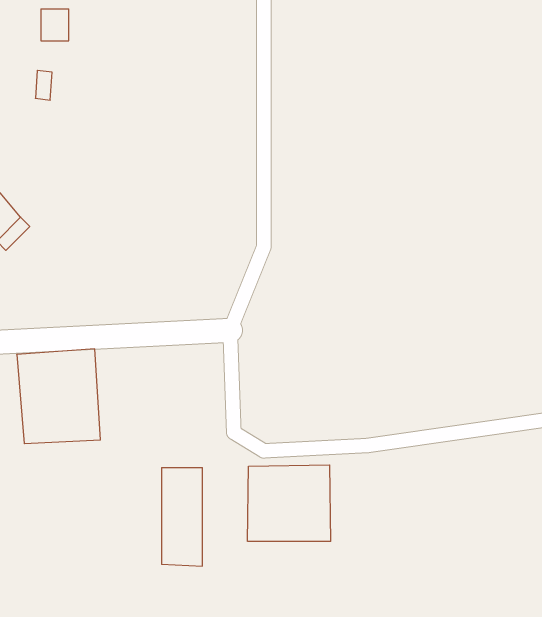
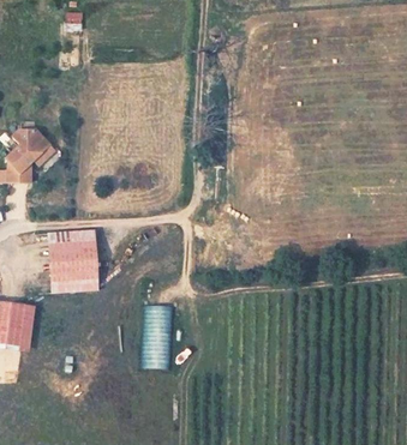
building: [248,465,331,541] -> none

